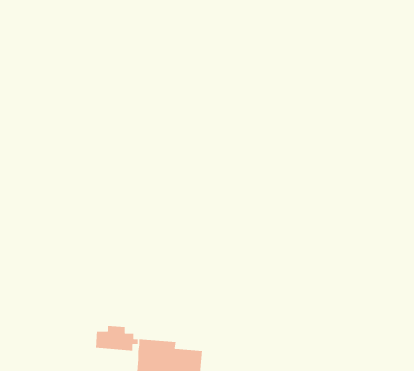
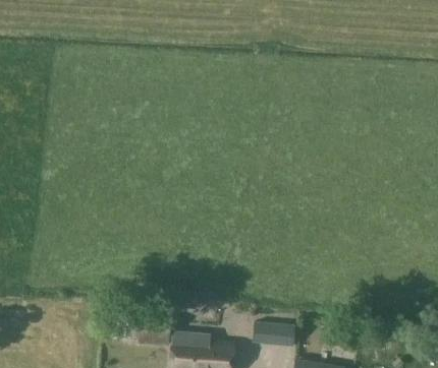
building: none -> [253,321,294,345]

